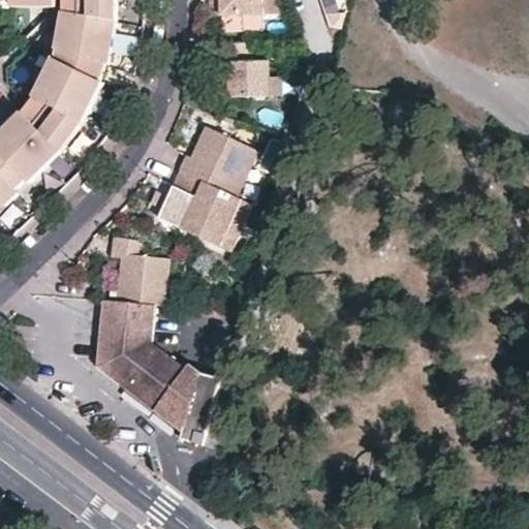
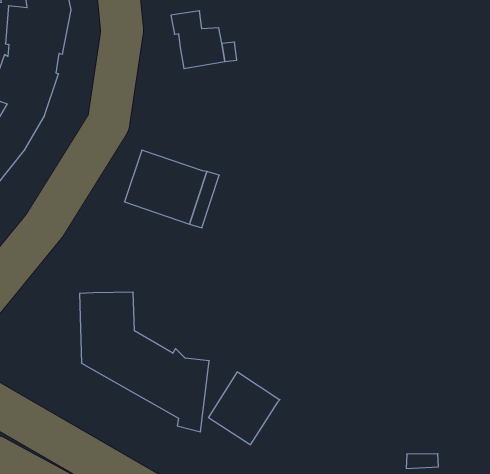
building: [174,122,251,193] -> none
building: [102,235,163,303] -> none
building: none -> [208,372,280,445]

